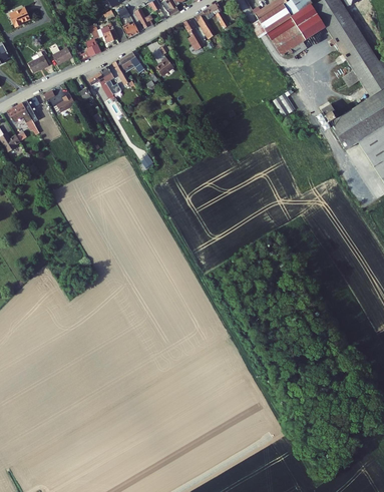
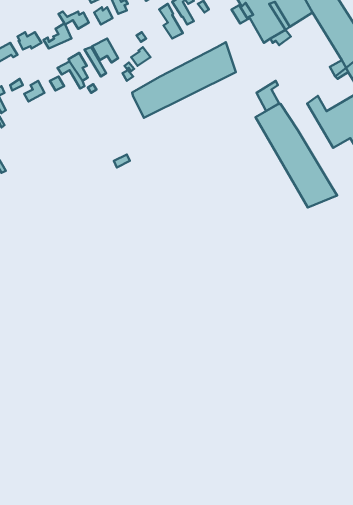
building: none -> [132,42,236,118]
building: none -> [256,104,337,208]

